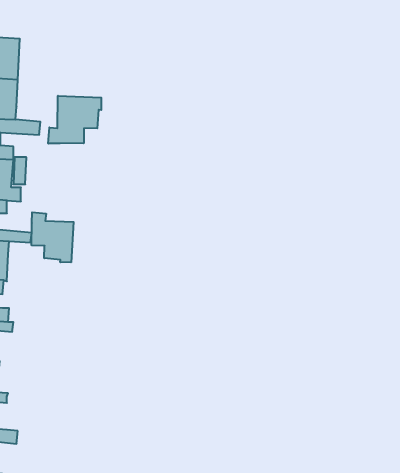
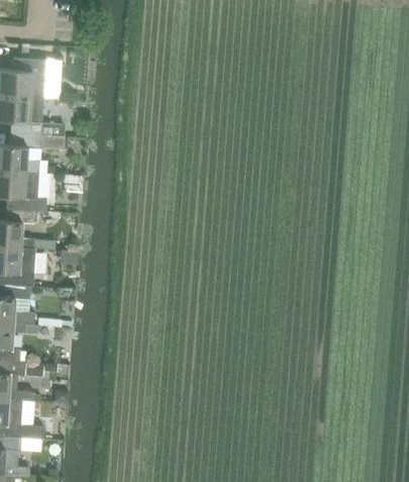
building: [48,96,101,144] -> none
building: [32,212,74,262] -> none

